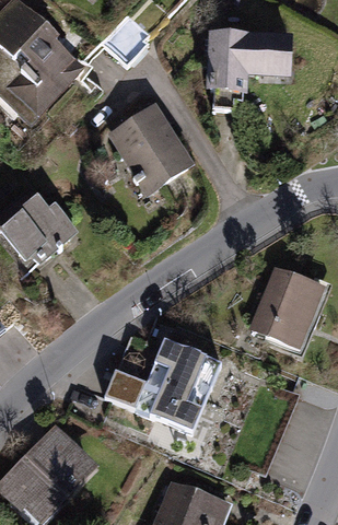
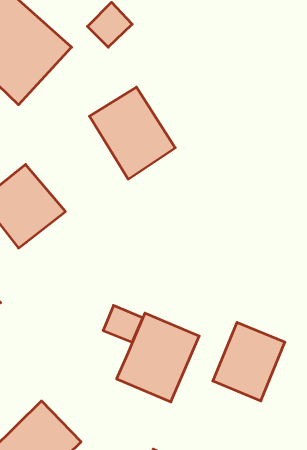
building: [205,31,295,109] -> none
building: [249,271,325,353] -> [213,322,285,401]
building: [103,369,144,407] -> [103,305,143,342]

